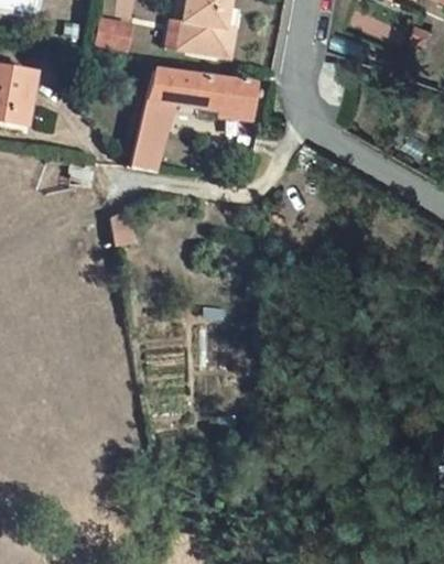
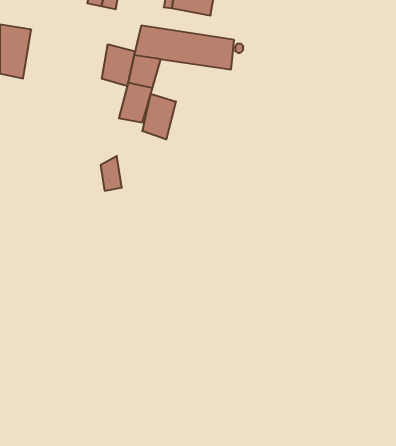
building: none -> [102,44,135,86]
building: none -> [142,94,176,139]

